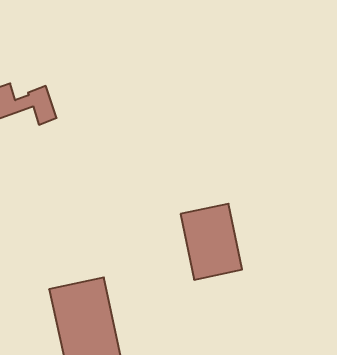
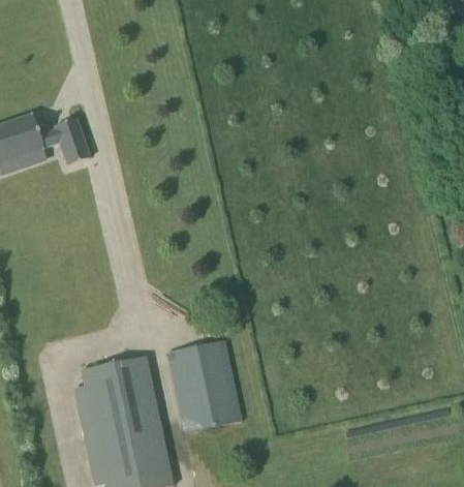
building: [181,204,242,280] -> [166,338,242,431]

